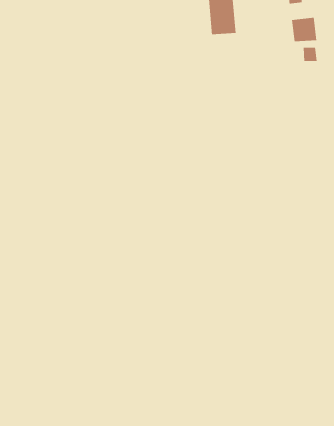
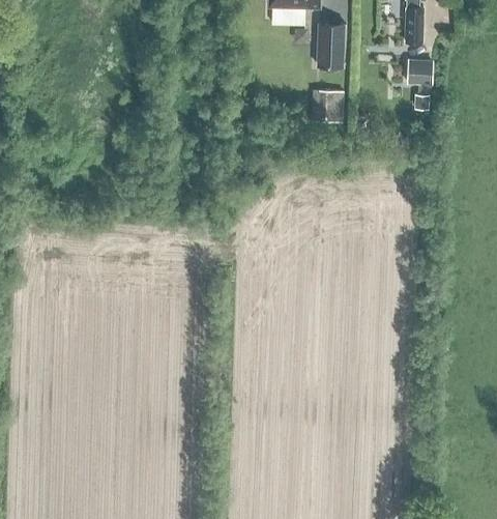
building: none -> [313,91,345,123]

